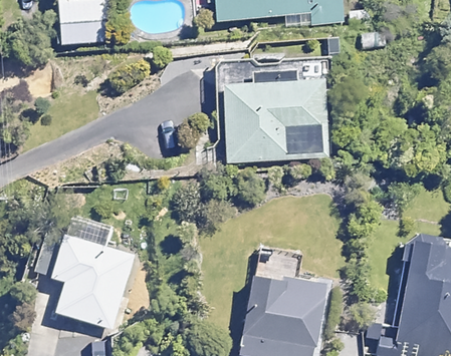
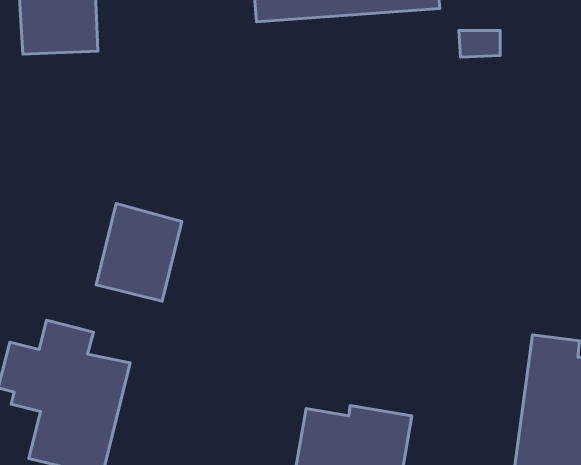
building: [222,62,326,160] -> none
building: none -> [96,203,182,301]

